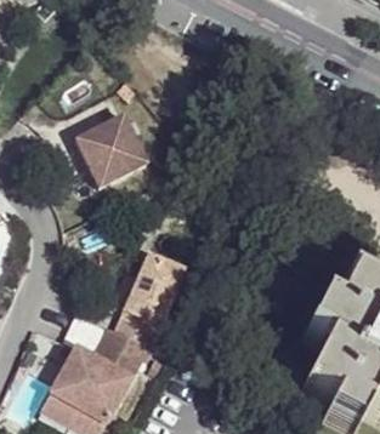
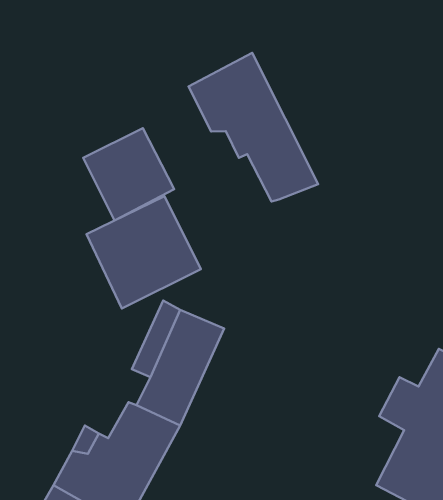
building: none -> [189,53,318,201]
building: none -> [87,196,201,309]

